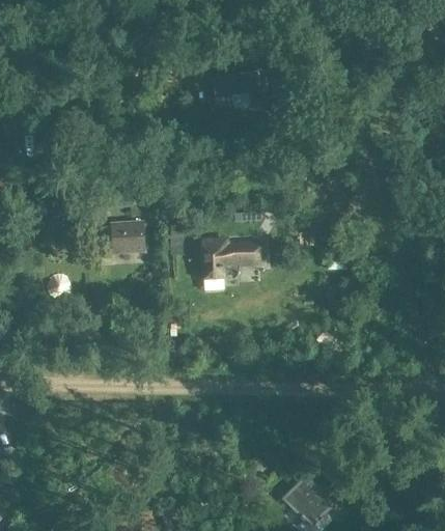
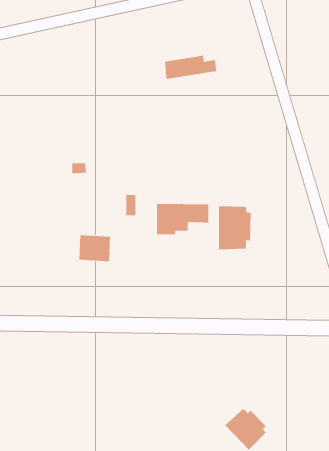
building: [113,219,150,250] -> [78,235,111,262]
building: none -> [218,206,251,250]

